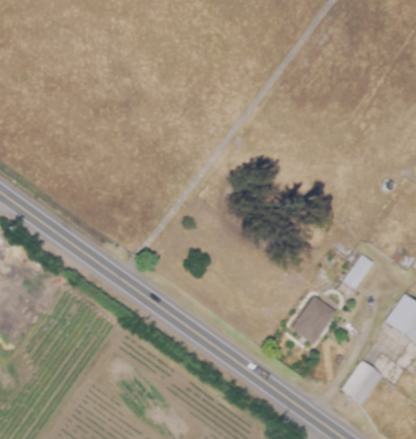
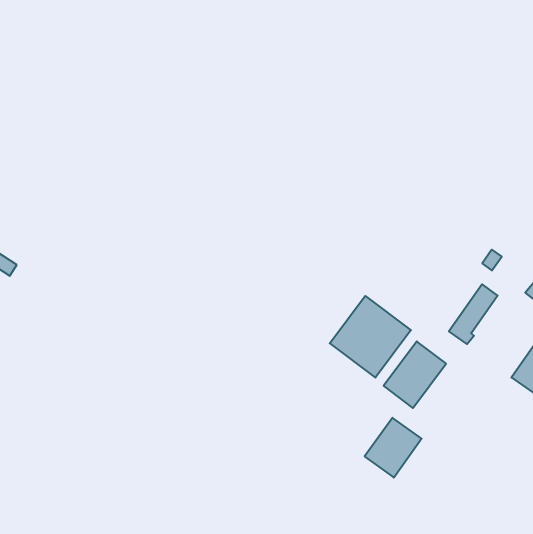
building: none -> [330,296,411,378]
building: [341,359,383,403] -> [365,418,422,478]

